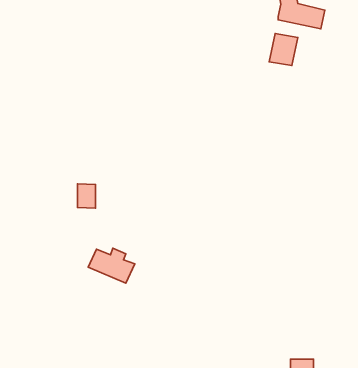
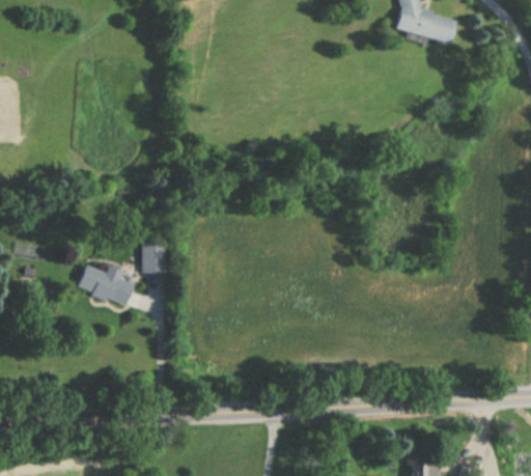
building: [269,34,298,66] -> none
building: [88,248,135,283] -> [77,263,136,308]

